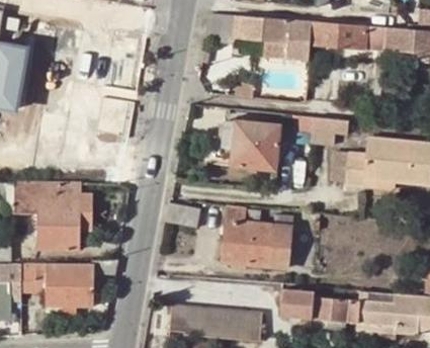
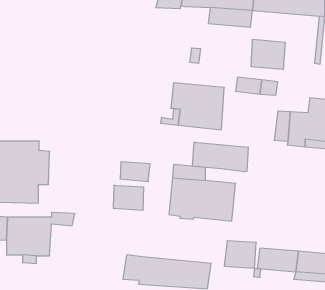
building: none -> [251,39,285,70]
building: none -> [193,142,248,172]
building: none -> [114,185,143,210]

